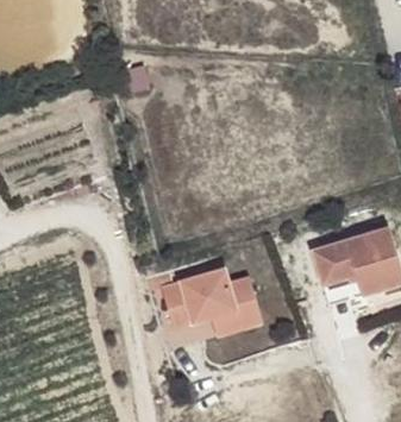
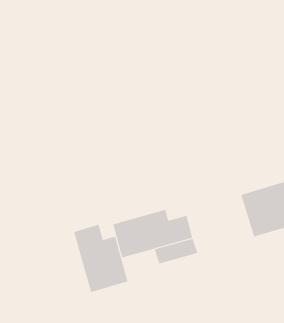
building: none -> [73,224,128,293]

